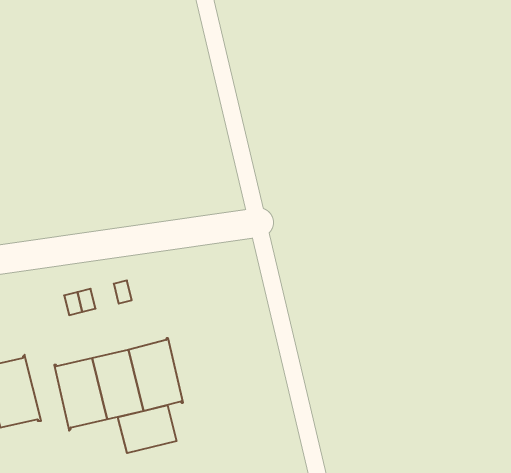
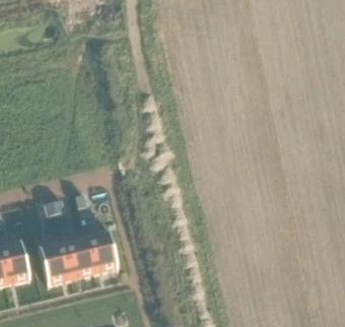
building: [118,405,177,453] -> none

